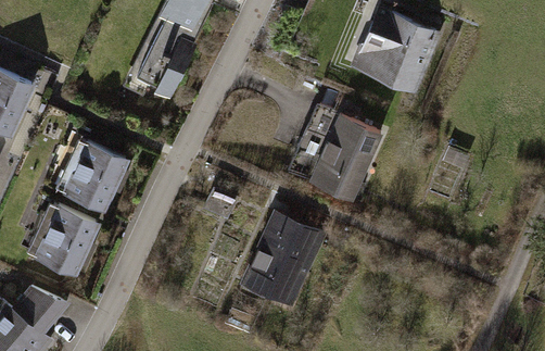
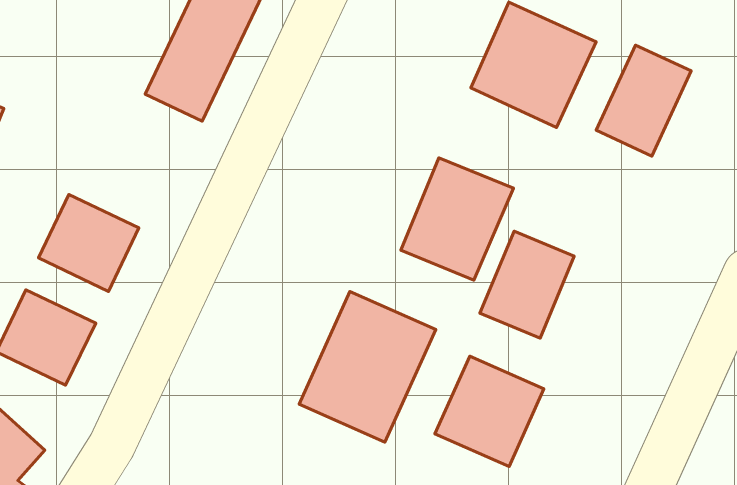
building: none -> [596,45,691,156]
building: none -> [480,231,574,338]
building: none -> [435,356,544,466]

